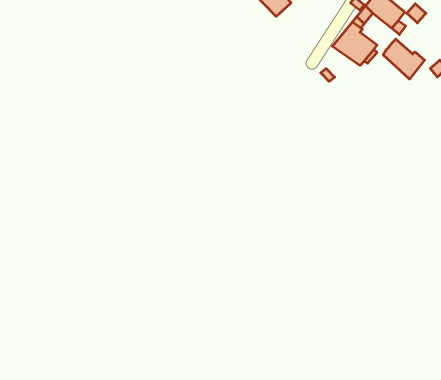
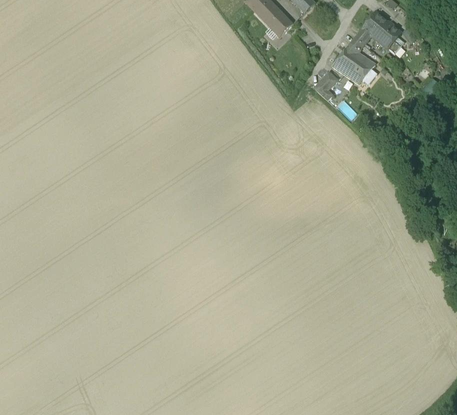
building: [383,39,425,79] -> none

